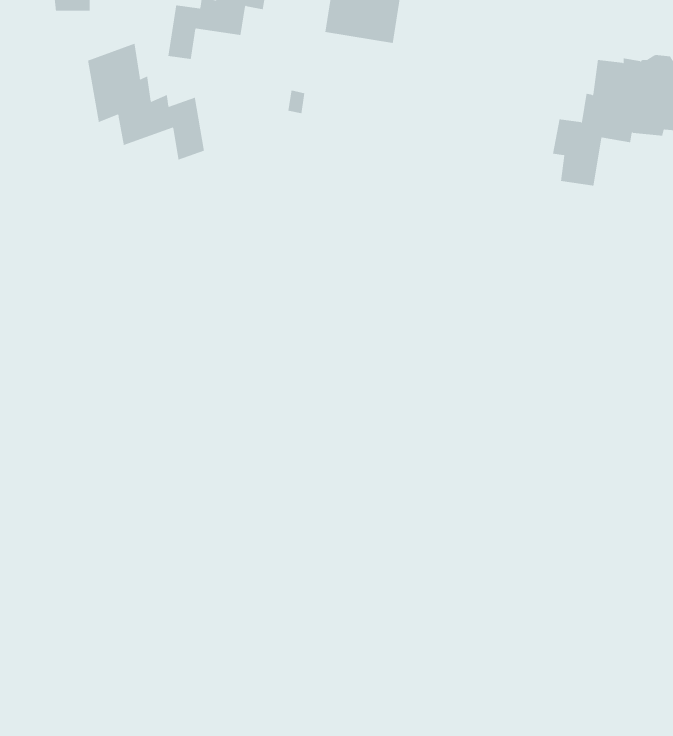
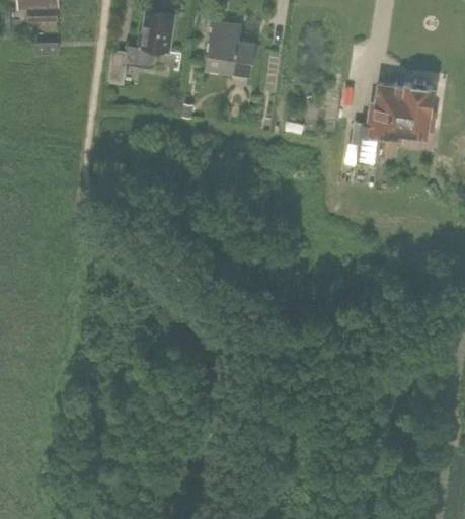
building: [87,43,205,160] -> none

